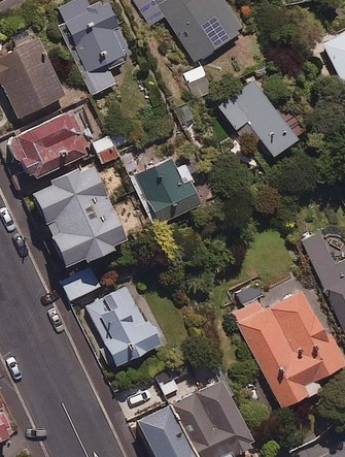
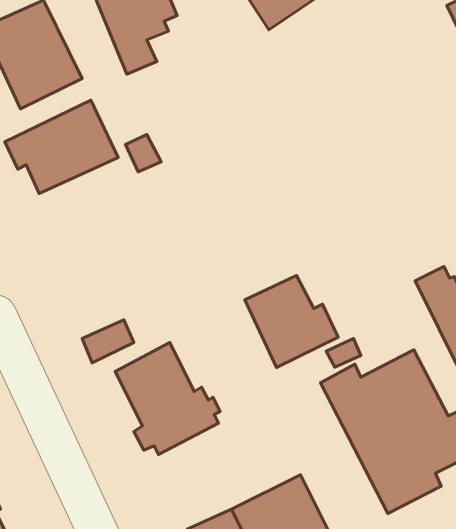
building: [218,79,298,157] -> none
building: [133,160,200,226] -> [245,276,338,367]
building: [33,167,125,266] -> none

